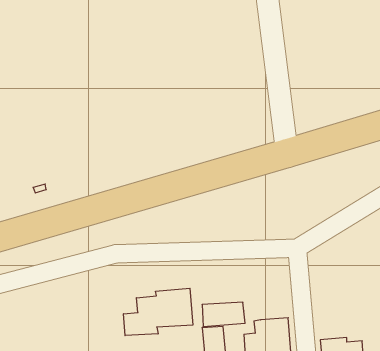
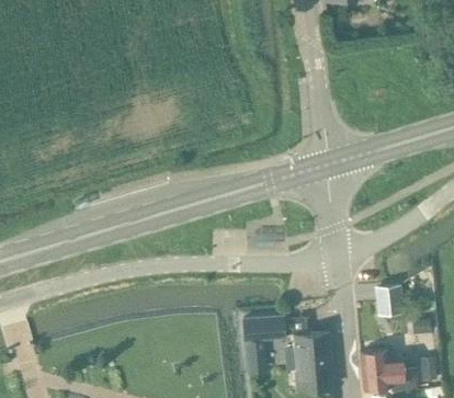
building: none -> [376,286,405,317]
building: [124,288,193,336] -> none

